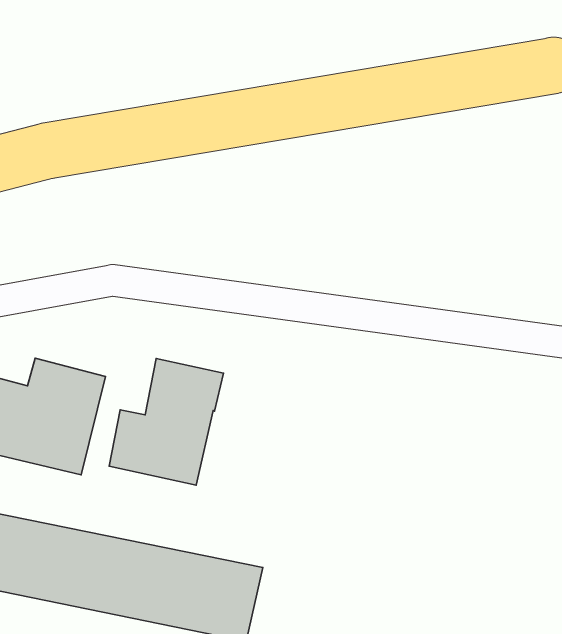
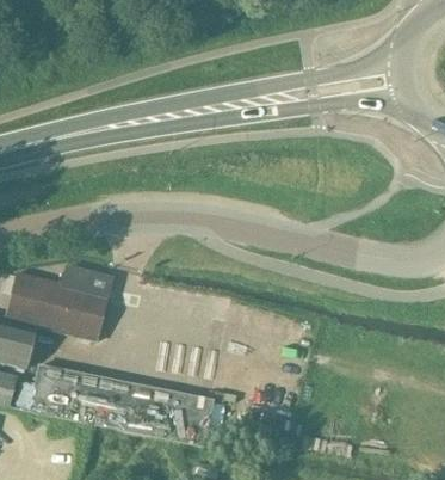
building: [109,359,223,485] -> none

